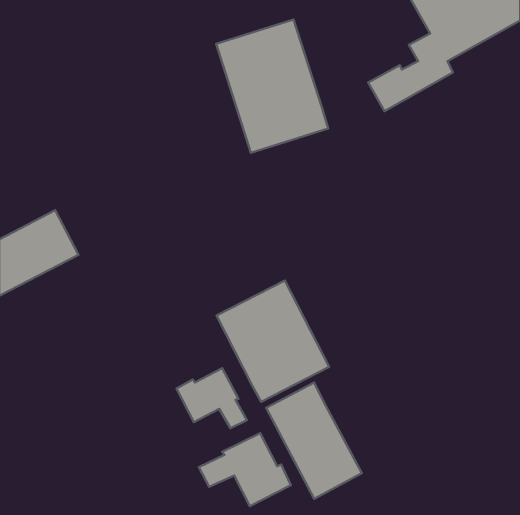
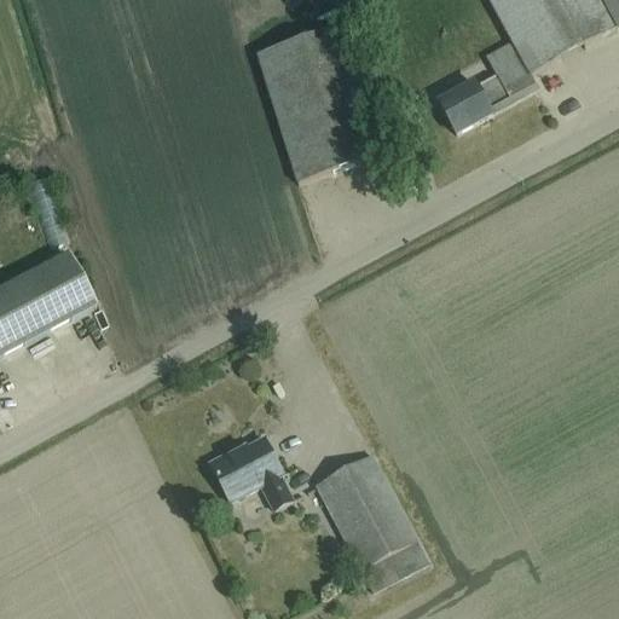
building: [217,280,329,402] -> none
building: [199,433,291,506] -> none

